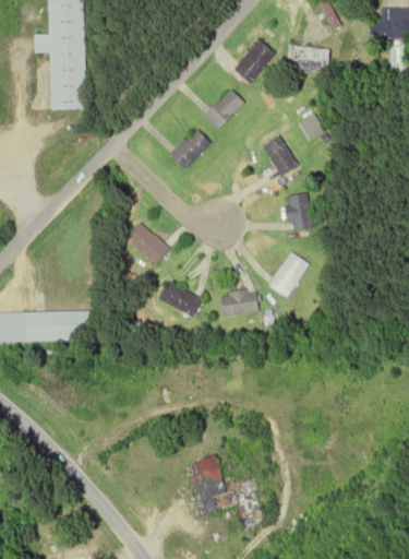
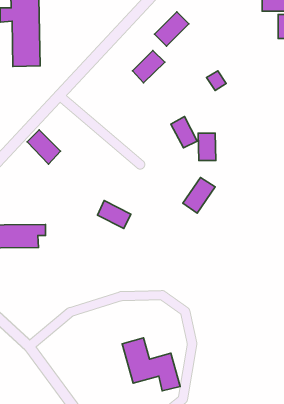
building: [286,44,329,75] -> none
building: [170,128,210,169] -> none
building: [263,135,297,176] -> [171,116,197,148]
building: [125,222,168,265] -> [27,130,60,164]
building: [220,289,257,316] -> none

